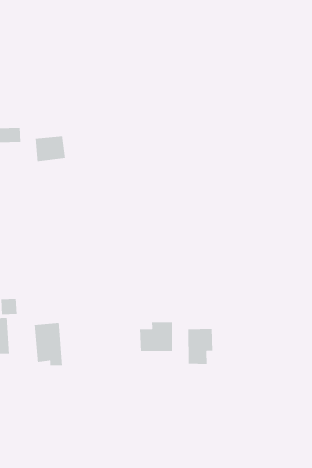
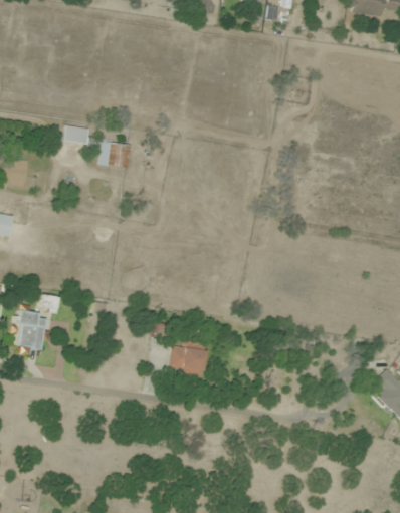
building: [34,322,63,366] -> none
building: [187,328,213,365] -> none

